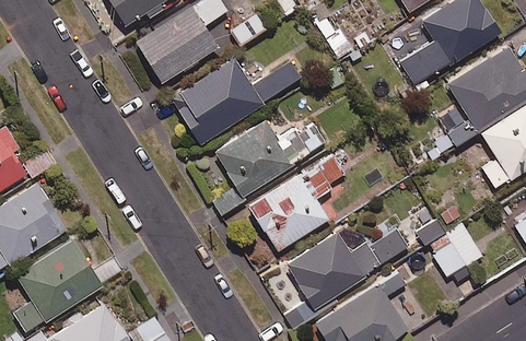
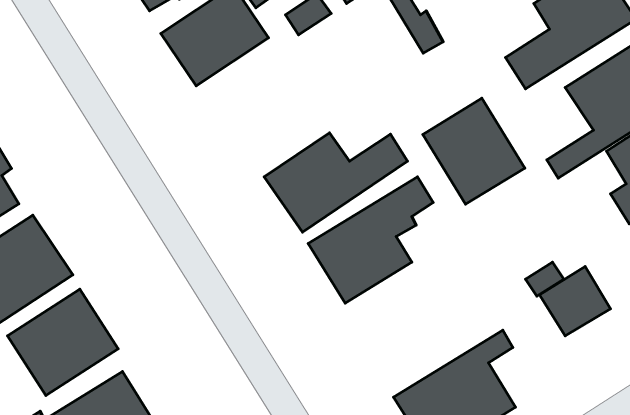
building: [171,57,302,144] -> none
building: none -> [423,98,525,204]
building: [287,230,407,308] -> none

